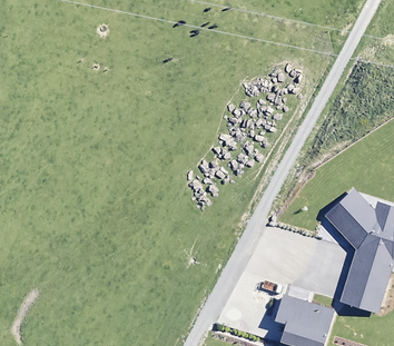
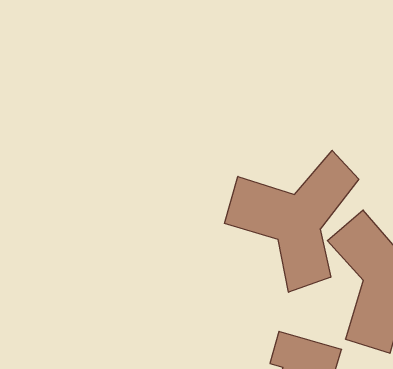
building: none -> [224,150,359,292]

